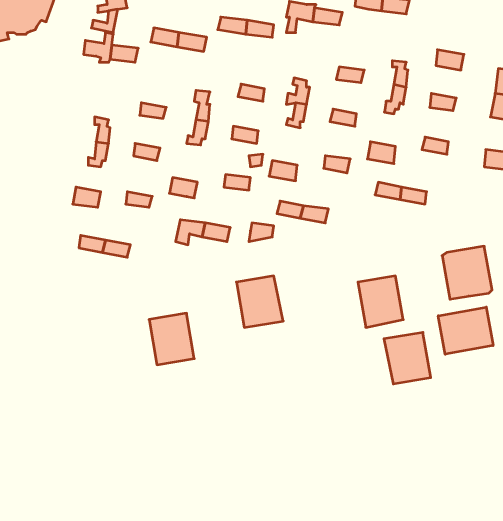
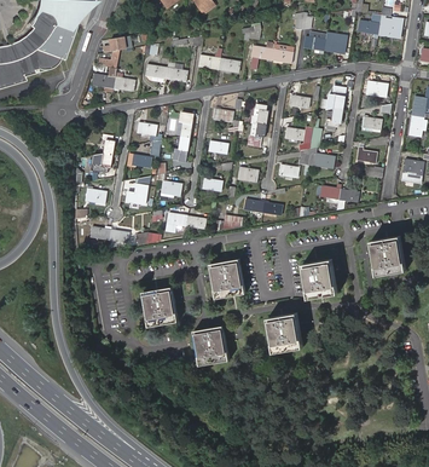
building: [438,307,493,354] -> none
building: [384,332,431,384] -> [269,311,306,351]
building: none -> [195,324,231,364]

